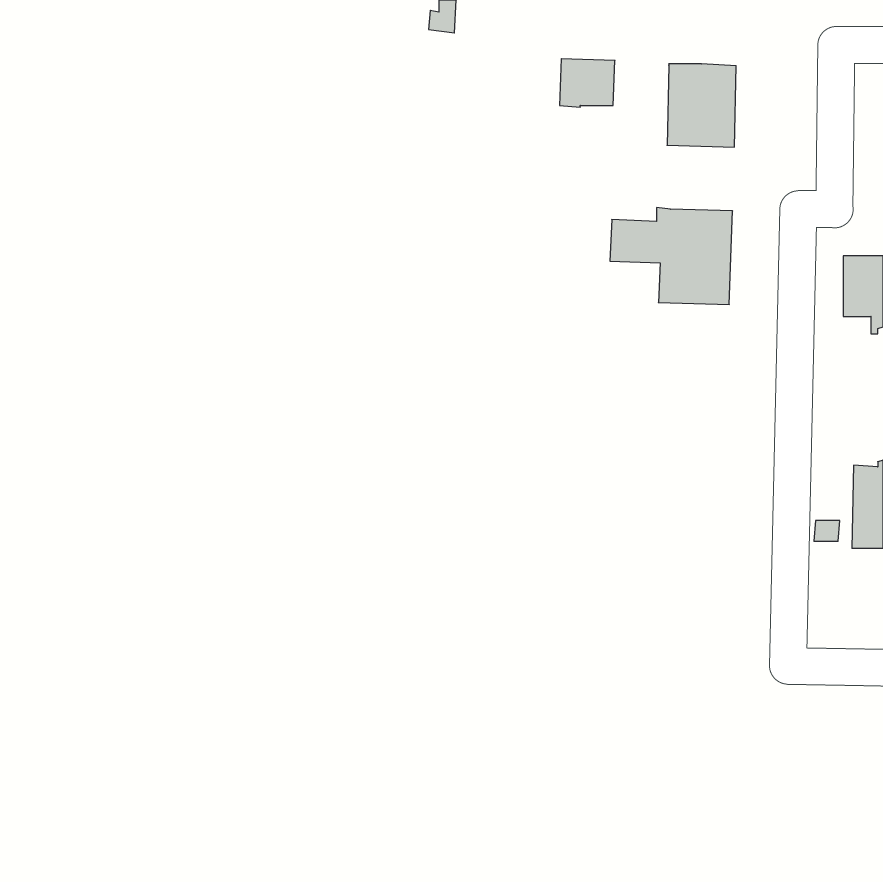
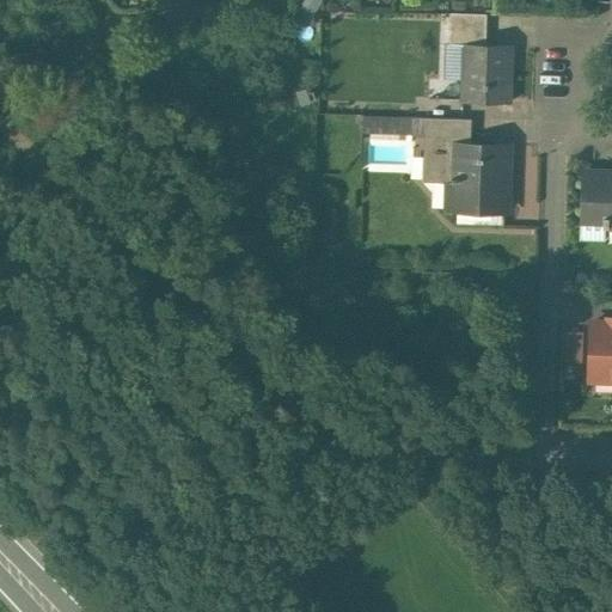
building: [560,59,615,107] -> [448,13,486,47]
building: none -> [423,118,464,154]

